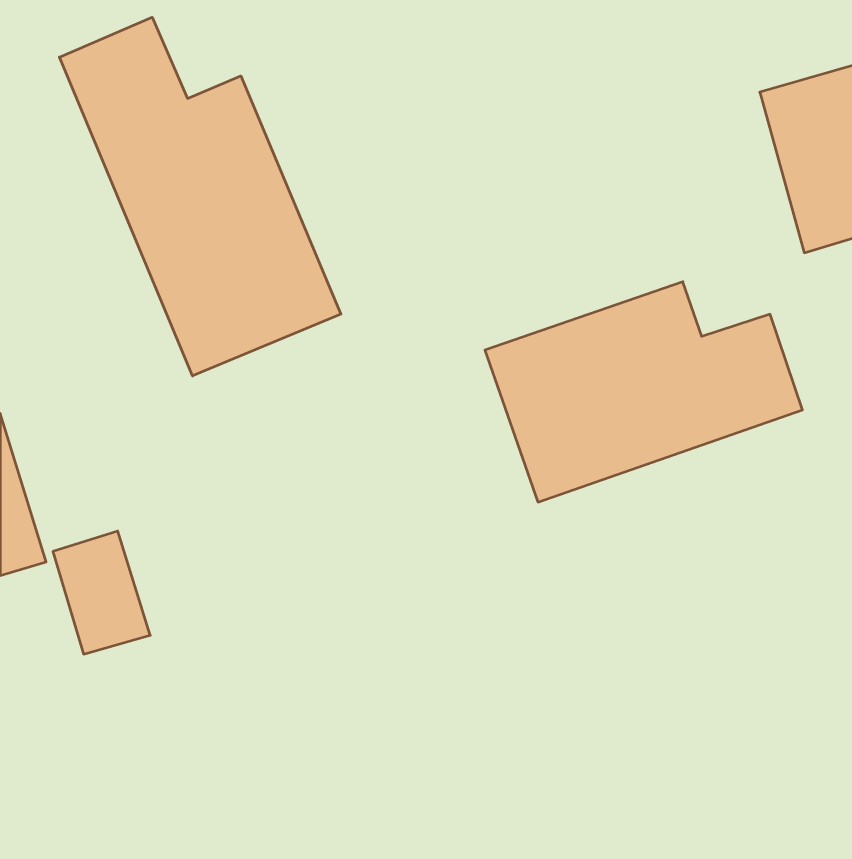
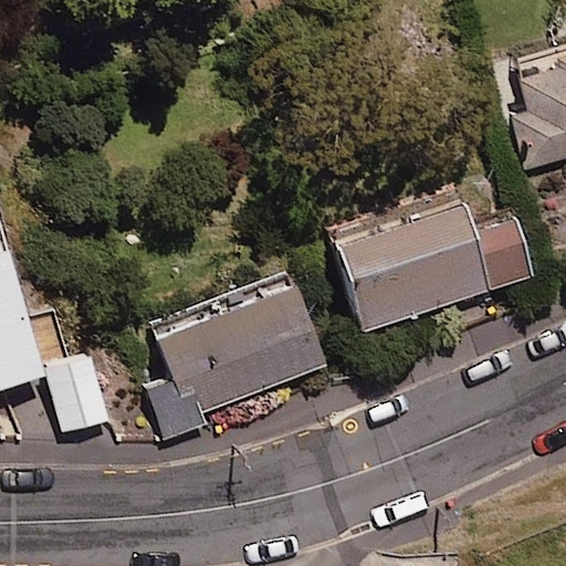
building: [59,17,341,376] -> none
building: none -> [132,277,326,443]

